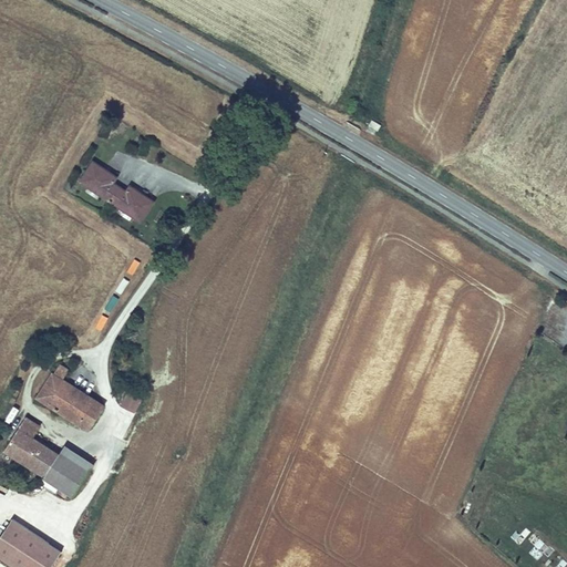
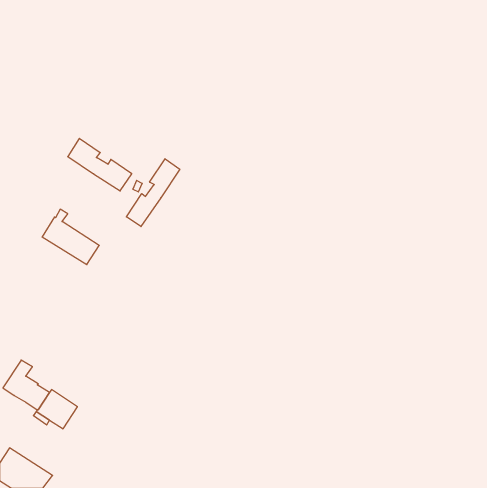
building: none -> [126,159,180,227]
building: [37,364,103,429] -> [42,209,99,265]

